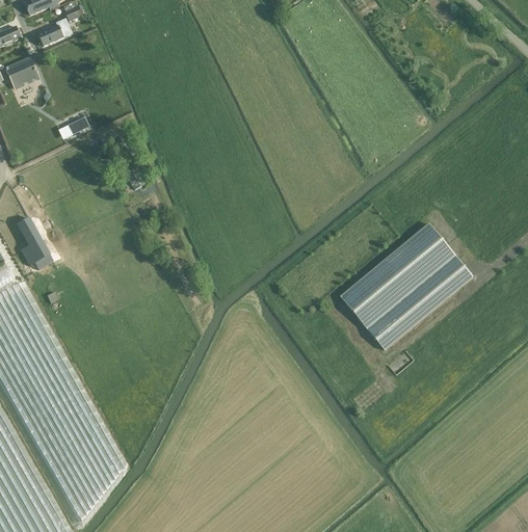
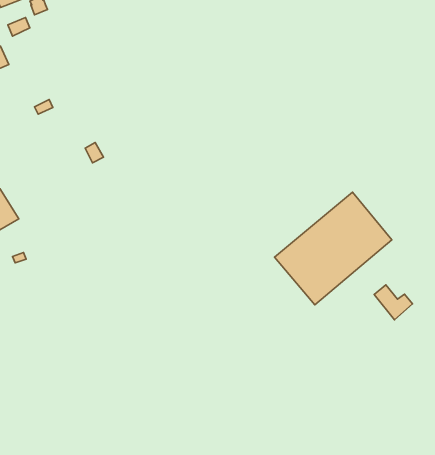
building: none -> [374,285,412,320]

